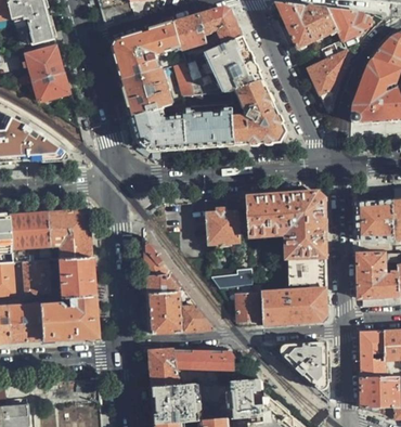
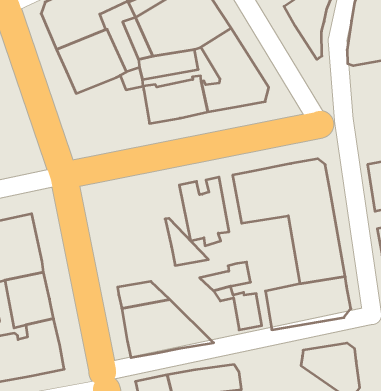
building: [132,108,187,152] -> none
building: [142,237,172,275] -> [165,218,208,265]

